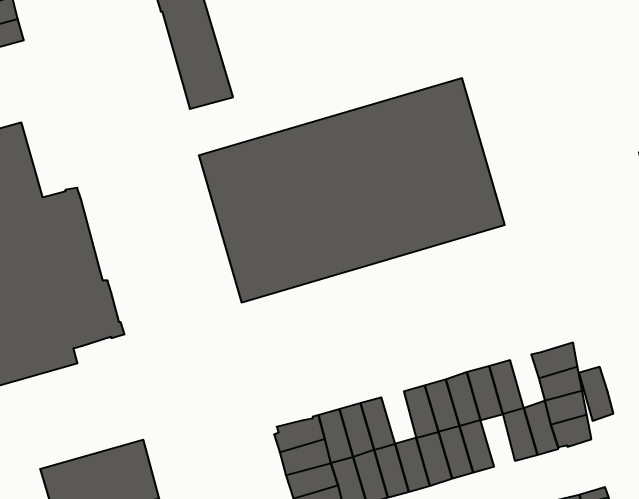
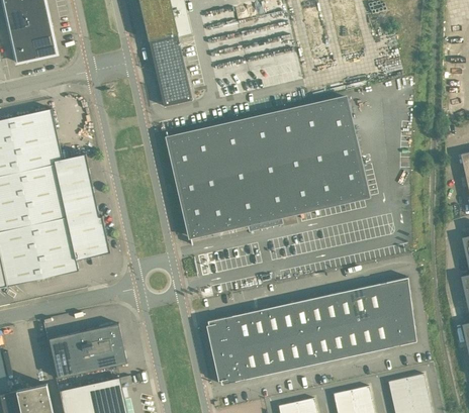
building: [579,367,613,421] -> [365,284,386,319]
building: none -> [278,303,299,337]
building: none -> [343,322,364,356]

